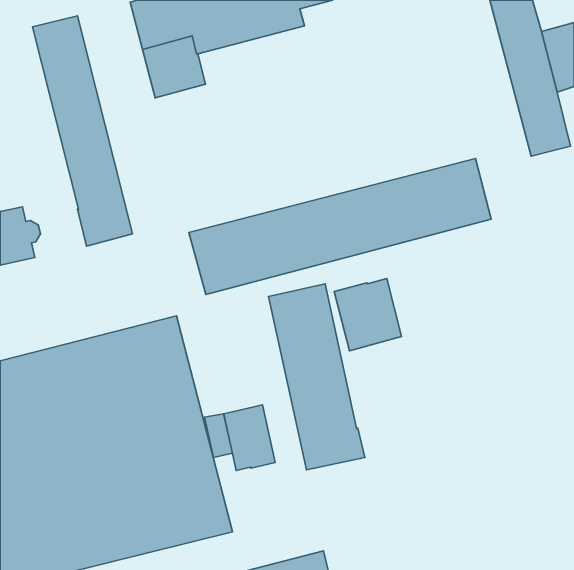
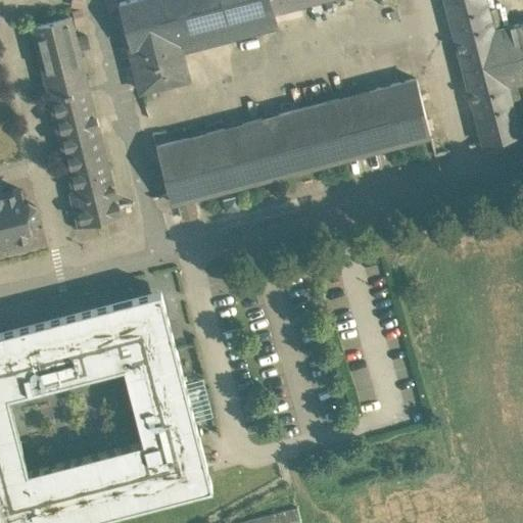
building: [189,158,491,294] -> [155,81,430,204]
building: [334,279,401,351] -> none
building: [269,284,365,470] -> none
building: [224,405,275,471] -> none

